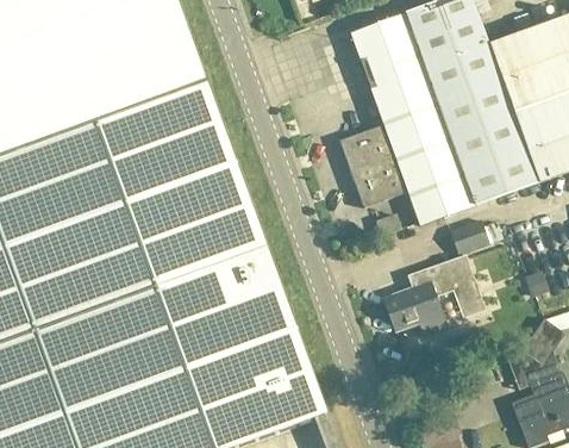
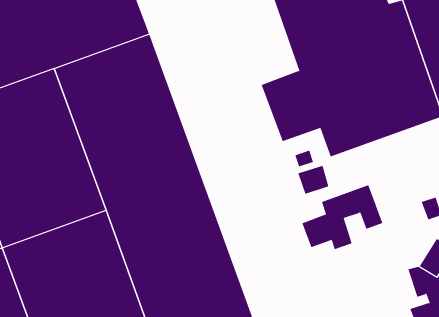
building: [446,220,483,255] -> [298,165,329,195]

